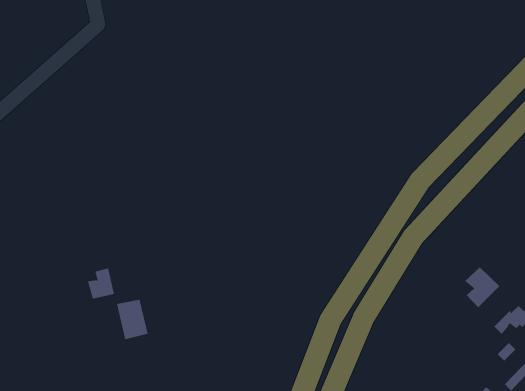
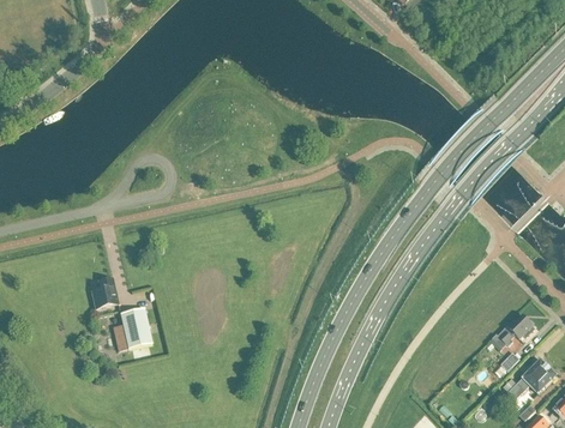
building: [464,267,500,308] -> none

